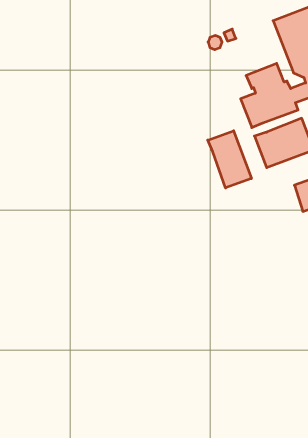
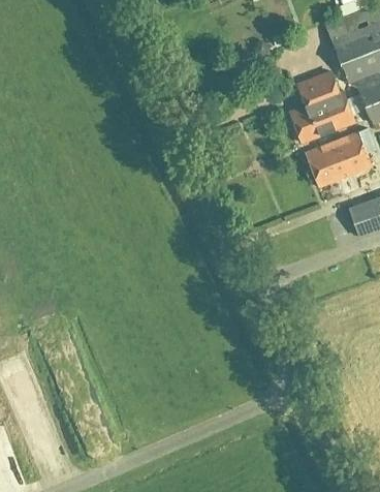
building: [208,131,251,188] -> none

